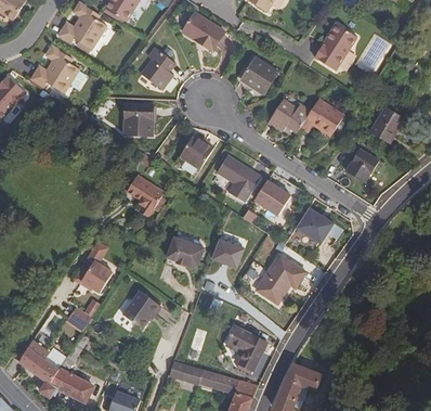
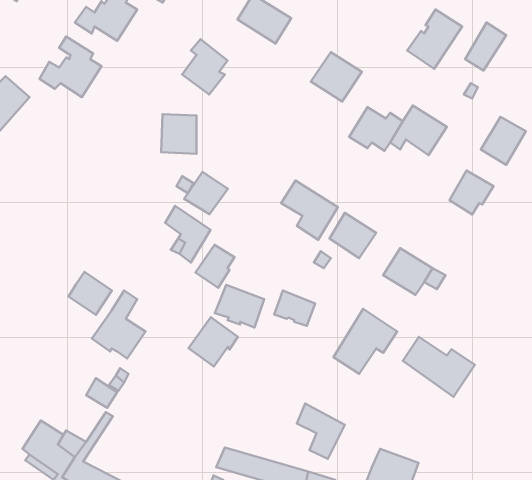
building: [180,134,213,167] -> [184,172,228,214]
building: none -> [196,245,234,288]
building: none -> [68,272,112,315]
building: none -> [403,337,475,397]
building: [122,290,160,327] -> [188,317,238,366]

